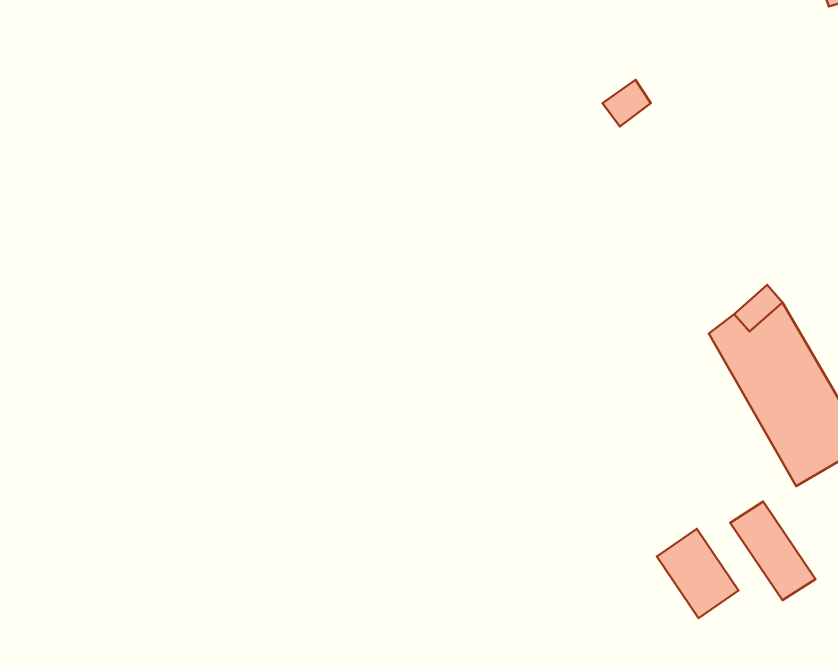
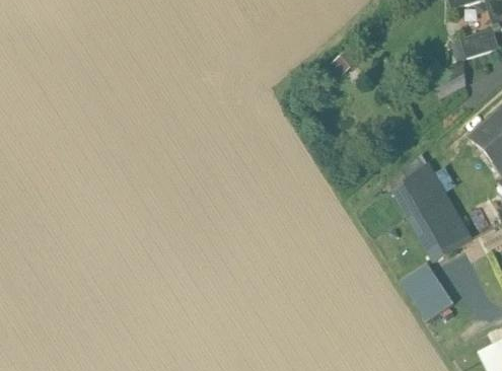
building: [657,529,738,618] -> none

